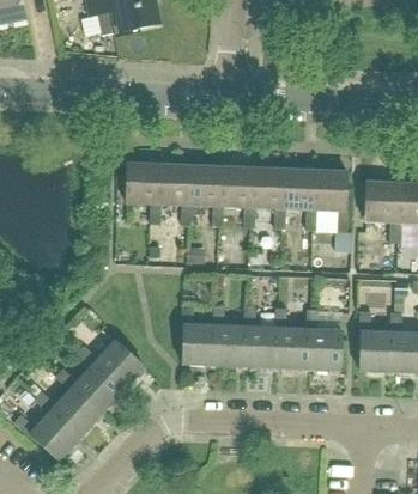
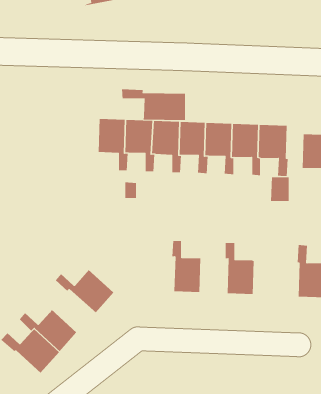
building: none -> [121,88,186,121]
building: [181,293,216,365] -> none
building: [243,306,278,367] -> none
building: [305,309,341,370] -> none
building: [54,362,123,413] -> none

